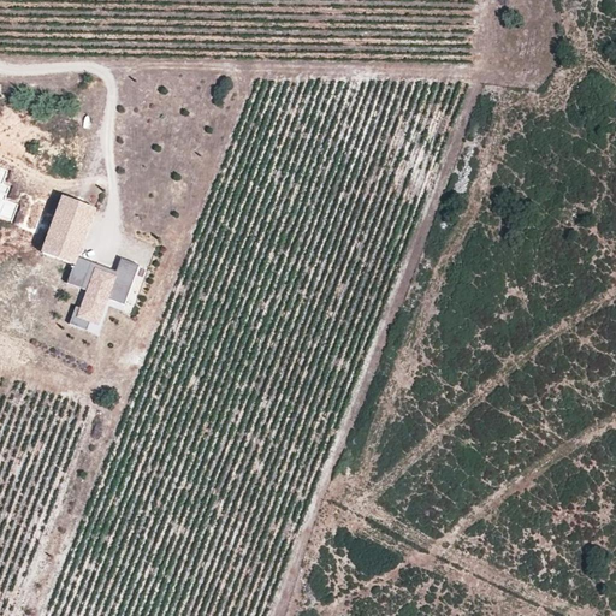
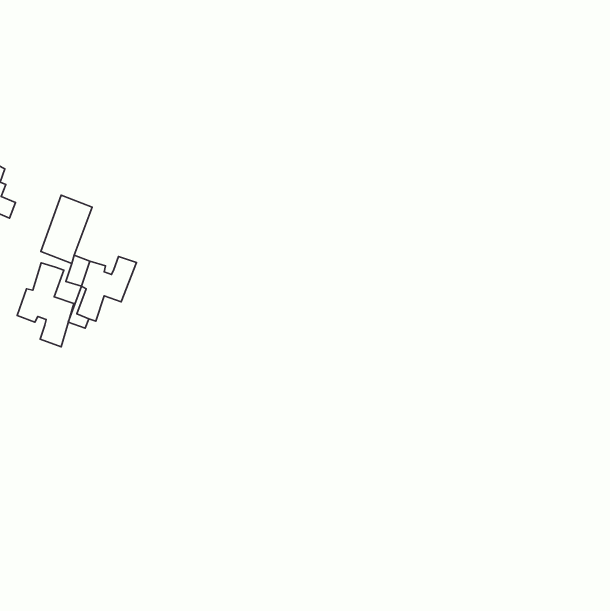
building: none -> [17,263,74,347]

